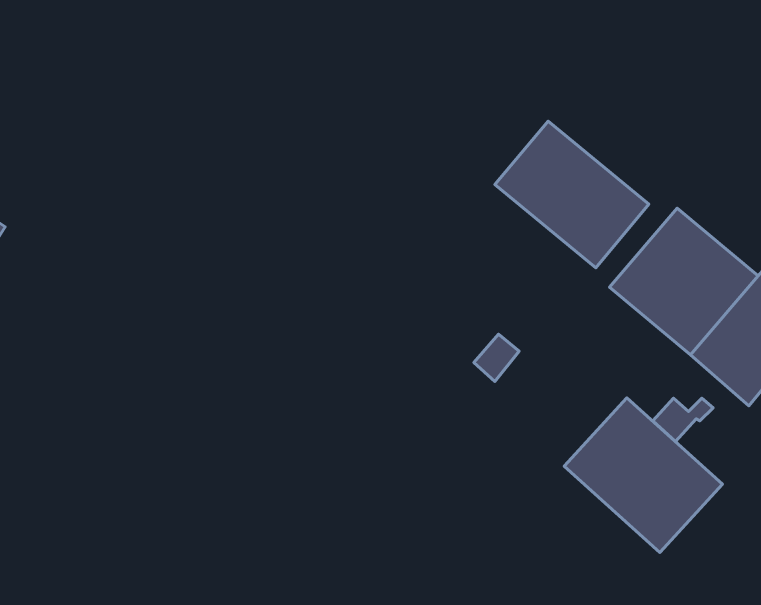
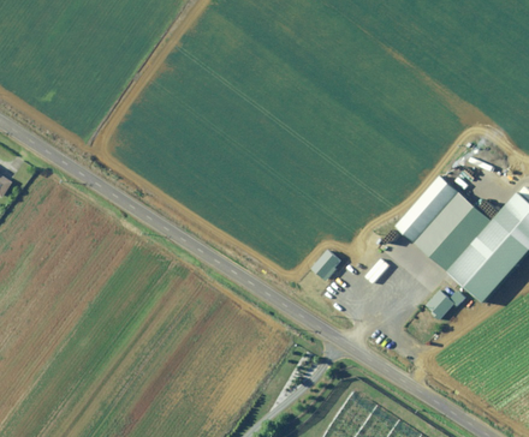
building: [495,121,649,268] -> none
building: [564,398,723,553] -> none

